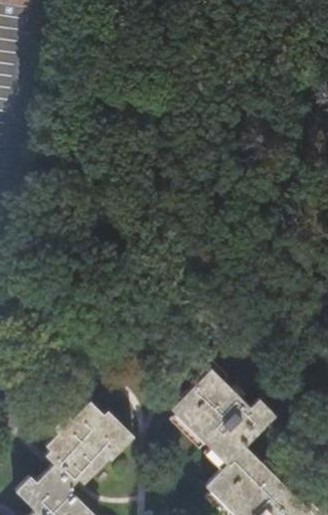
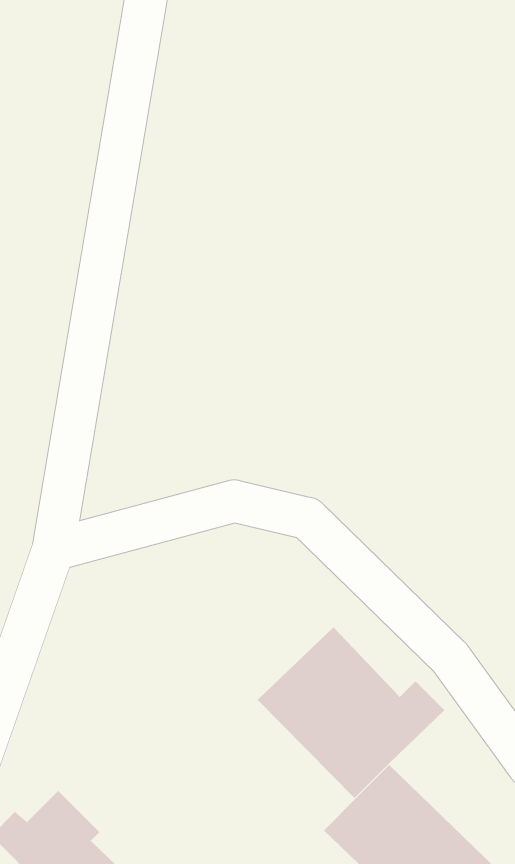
building: [46,401,136,488] -> none

